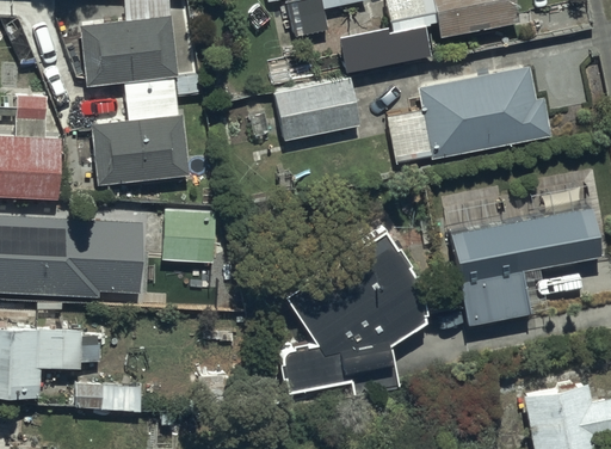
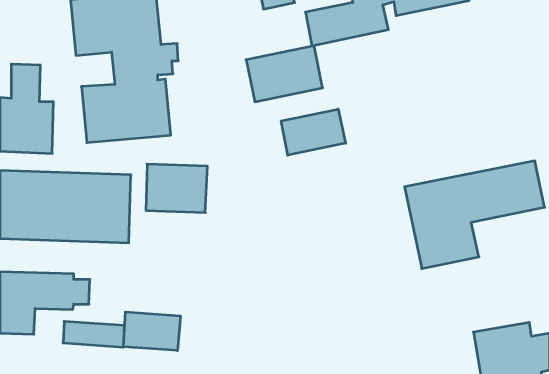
building: [414,63,550,160] -> none
building: none -> [281,109,346,155]
building: [277,244,424,396] -> none
building: none -> [123,312,180,351]

